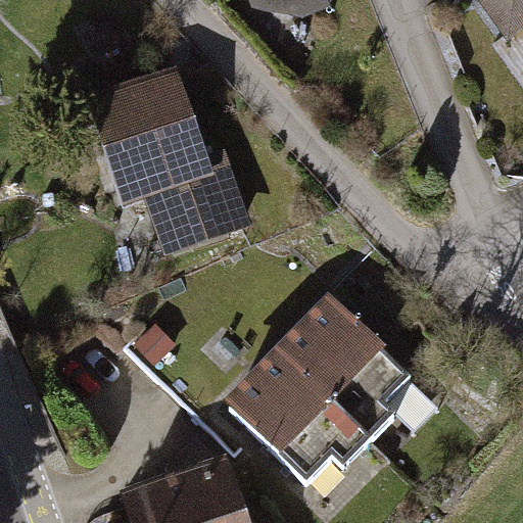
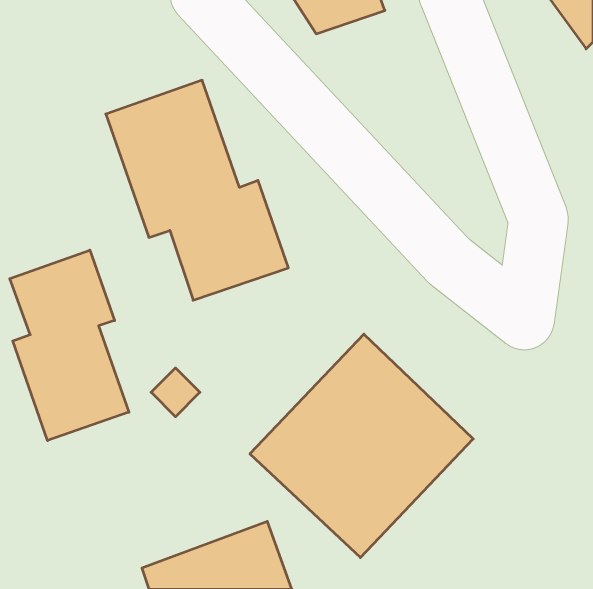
building: none -> [10,250,129,441]

